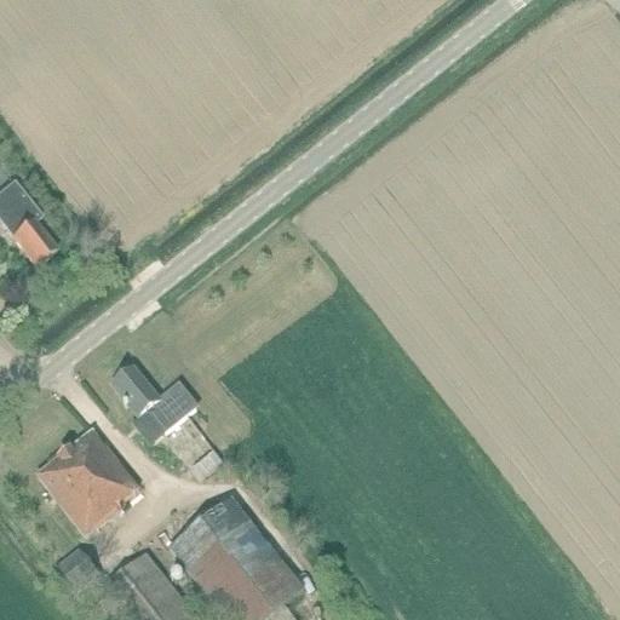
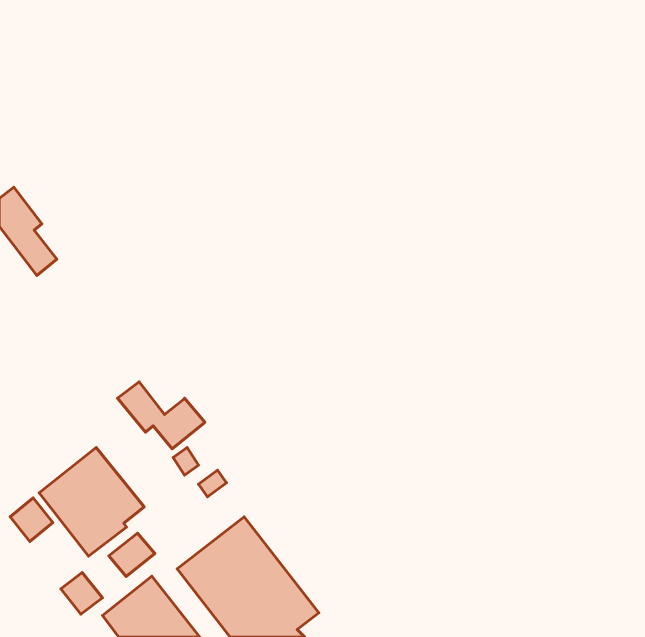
building: none -> [10,498,53,542]
building: none -> [109,533,155,577]

